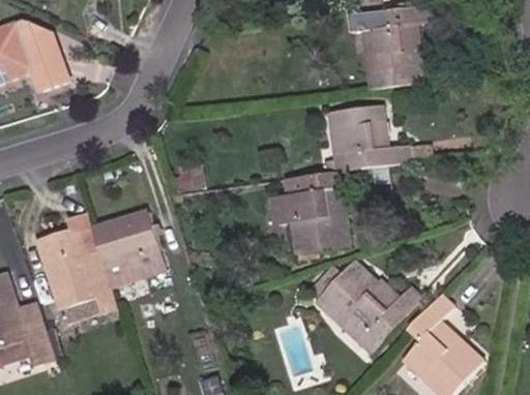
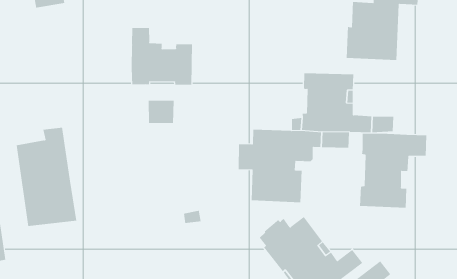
building: none -> [131,27,192,85]
building: none -> [360,133,427,209]
building: [92,207,169,282] -> none

